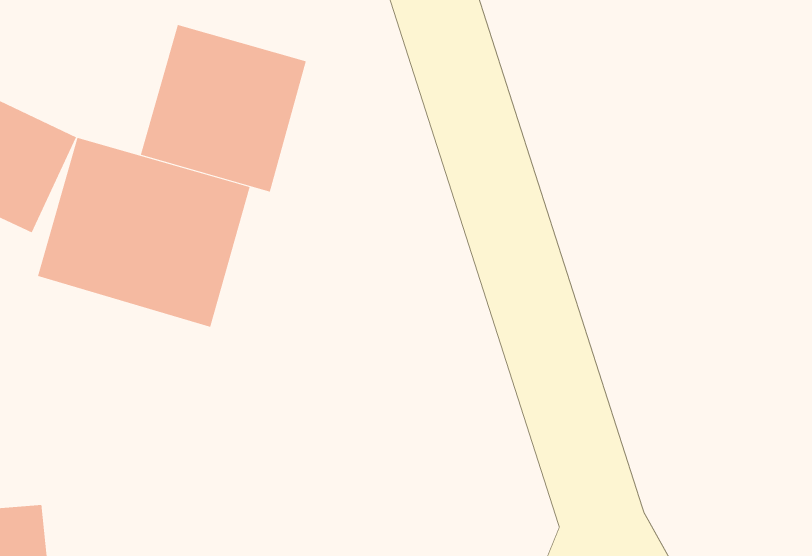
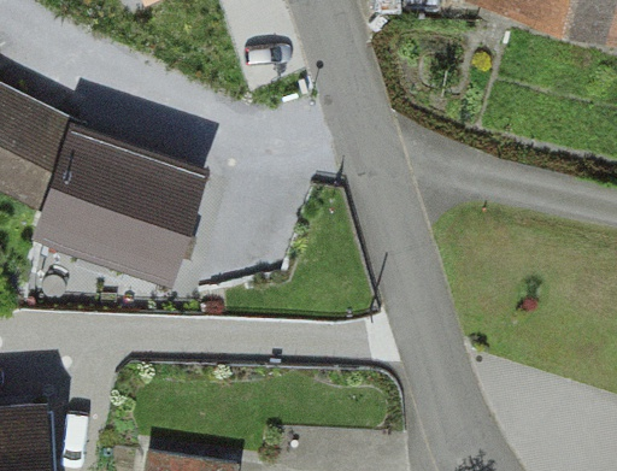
building: [140,24,306,193] -> none

